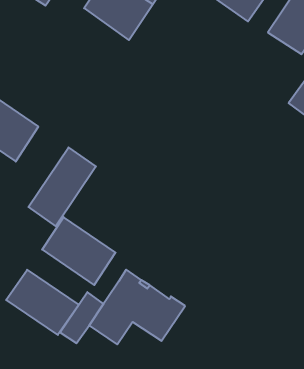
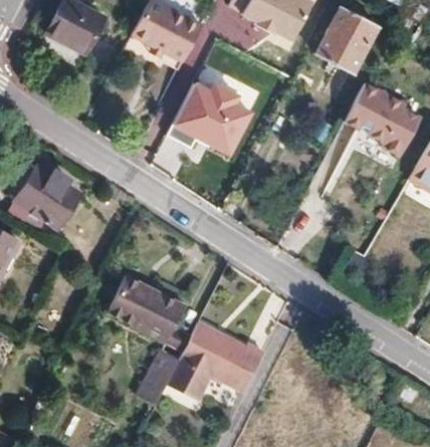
building: none -> [174,85,252,158]
building: [28,147,96,226] -> none
building: [6,270,79,335] -> none

